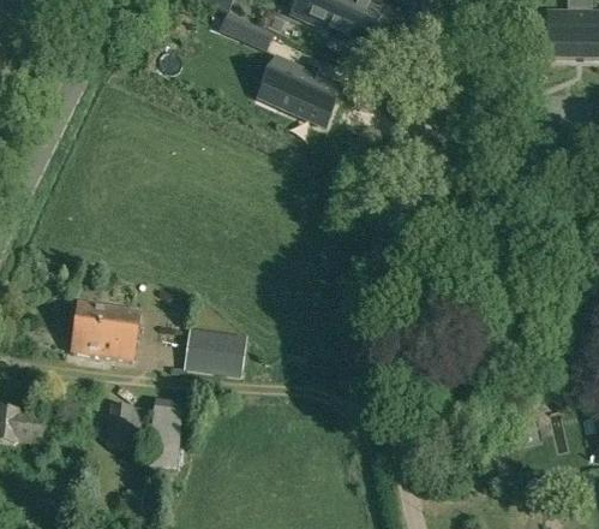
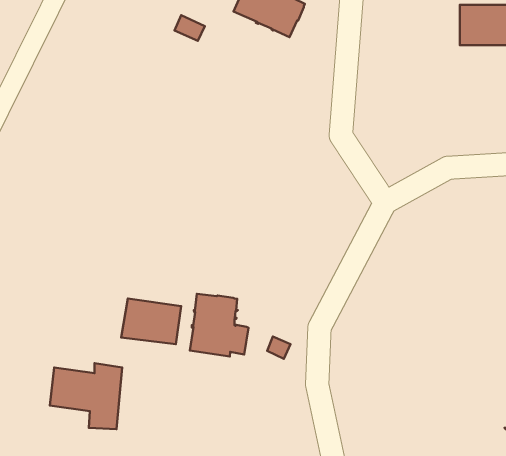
building: [265,58,342,125] -> none
building: [71,302,138,359] -> none
building: none -> [190,294,249,356]

